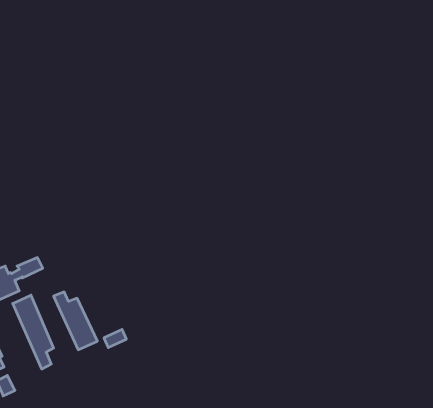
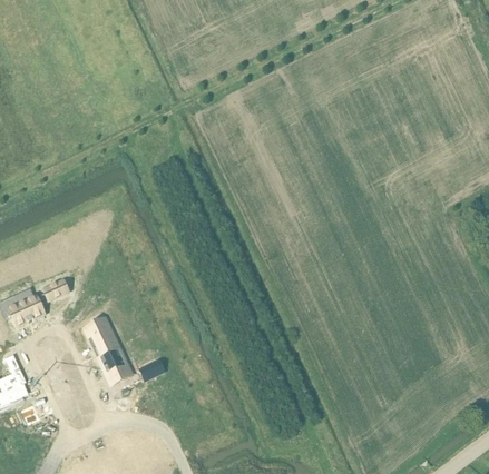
building: [13,295,54,369] -> none

